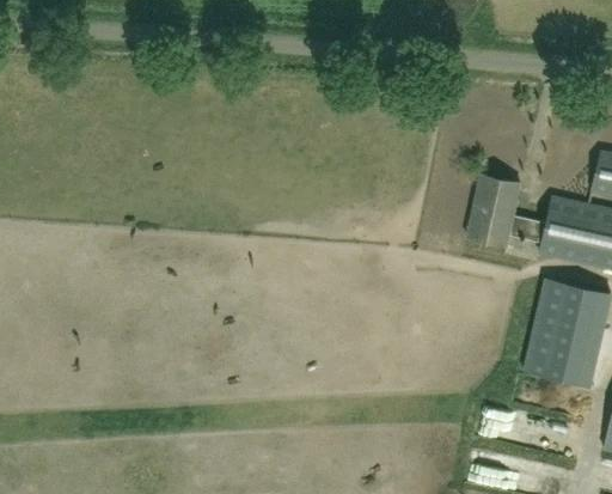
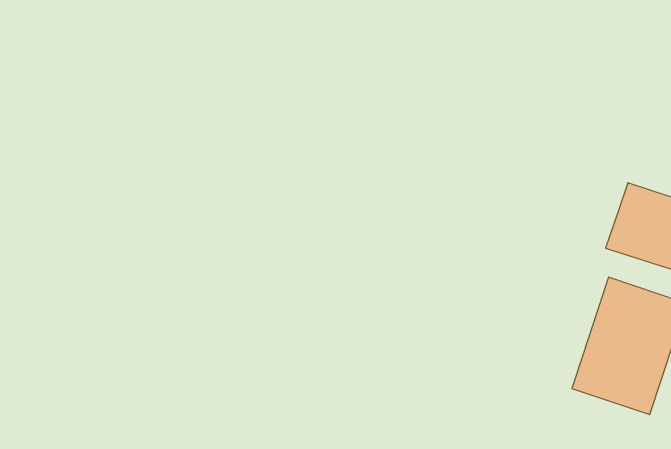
building: [467,175,546,246] -> none

